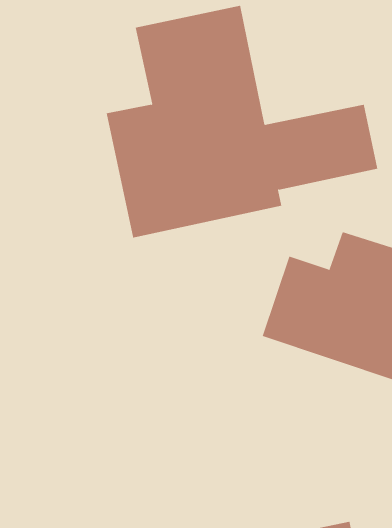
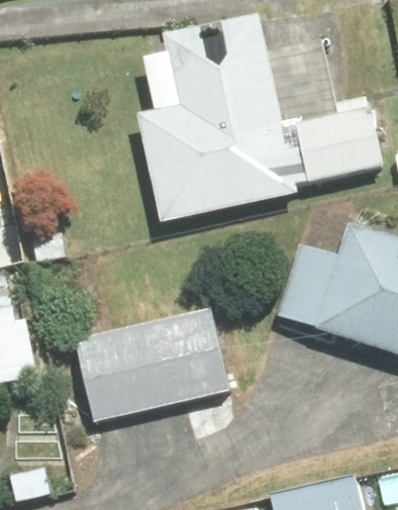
building: none -> [72,306,228,421]

